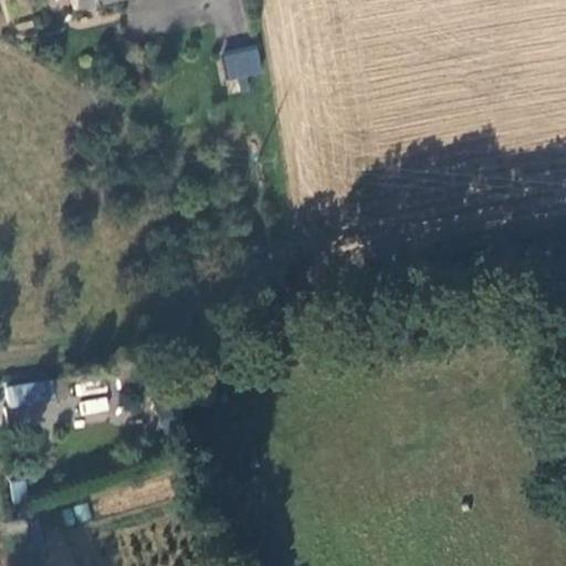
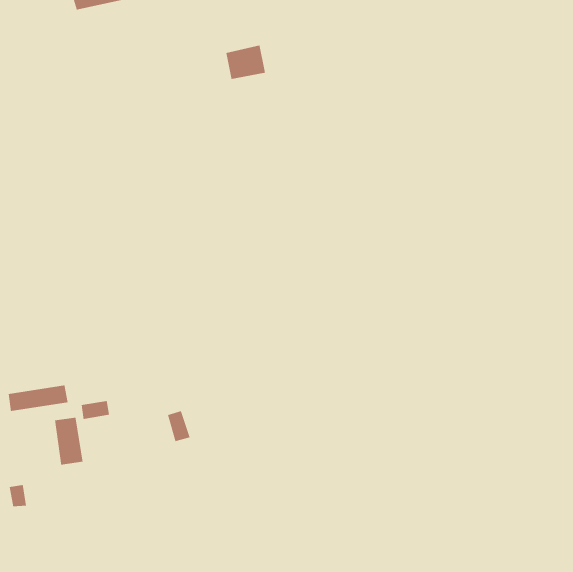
building: none -> [54,417,83,466]

